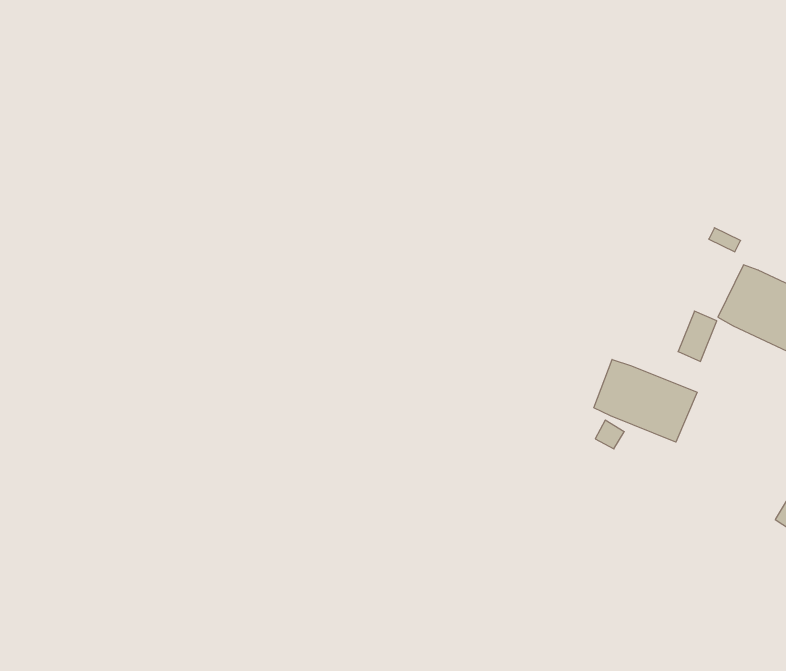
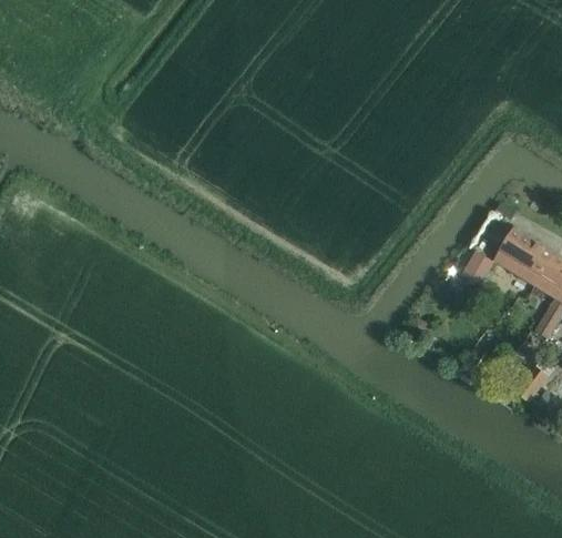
building: [594,359,697,442] -> none

